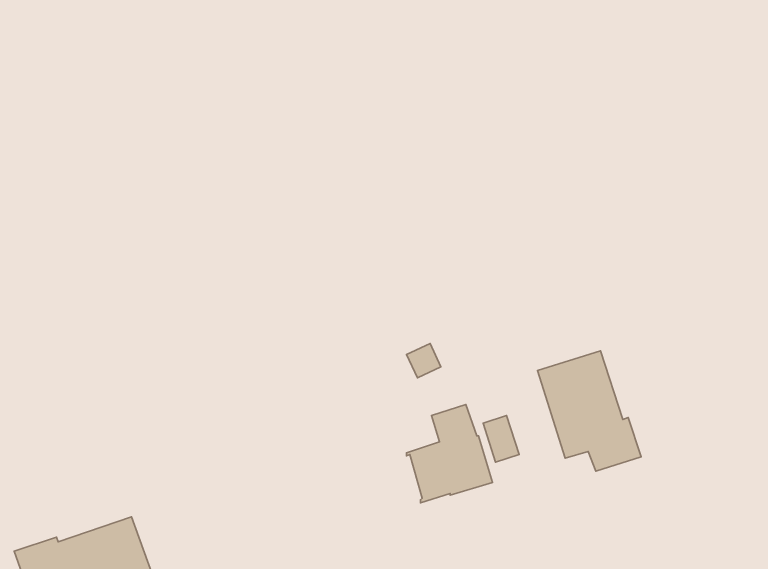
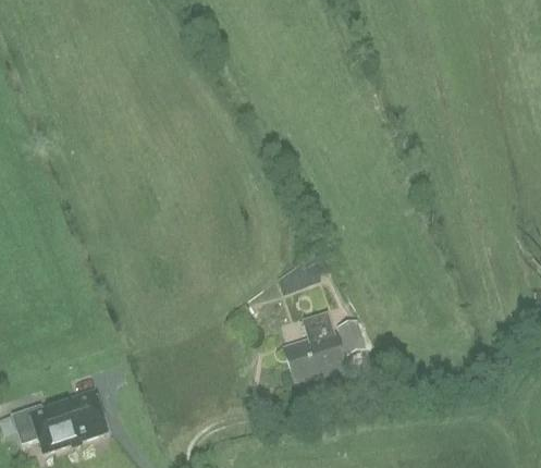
building: [537,351,641,471] -> none

